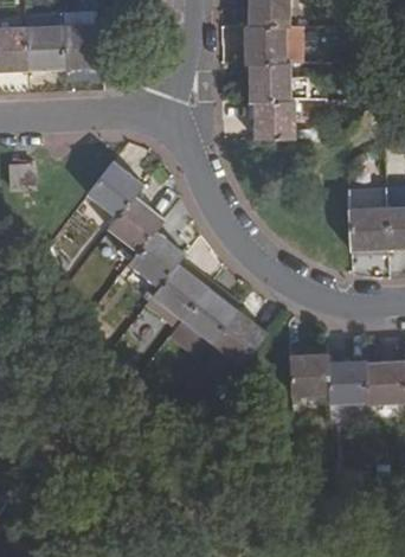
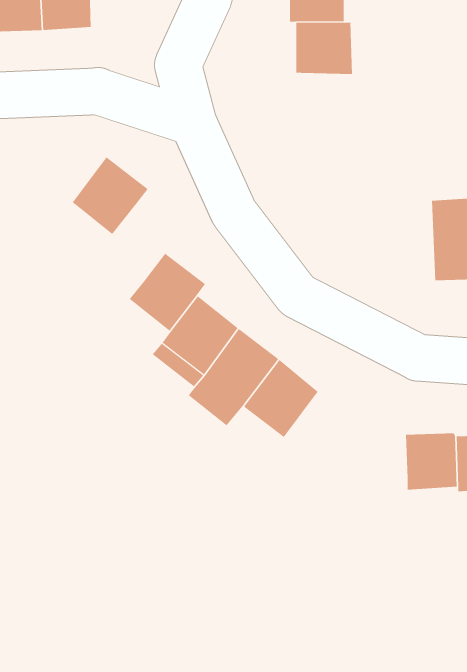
building: [253,101,295,139] -> none
building: [109,196,165,252] -> none
building: [290,356,330,397] -> none

